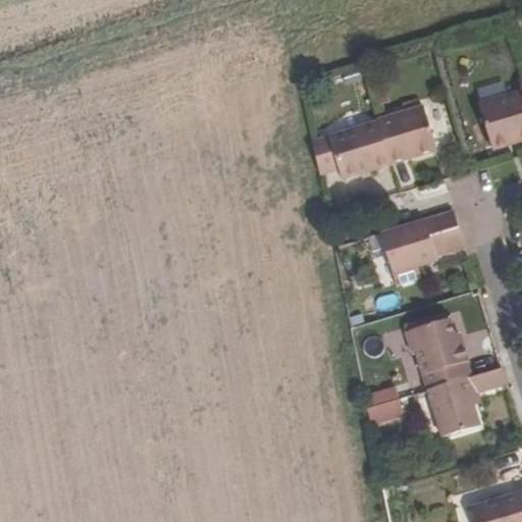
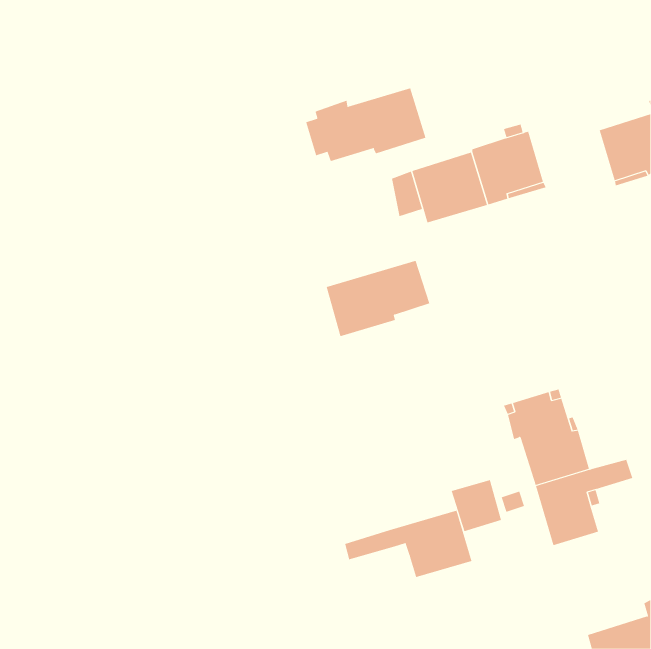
building: none -> [305,87,426,162]
building: [381,211,465,272] -> [326,260,430,337]
building: none -> [345,510,472,578]

